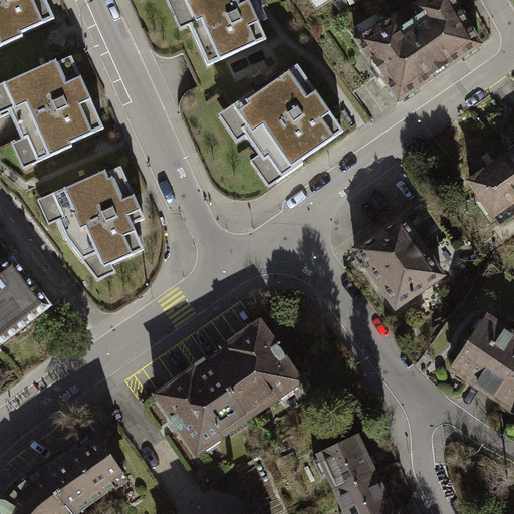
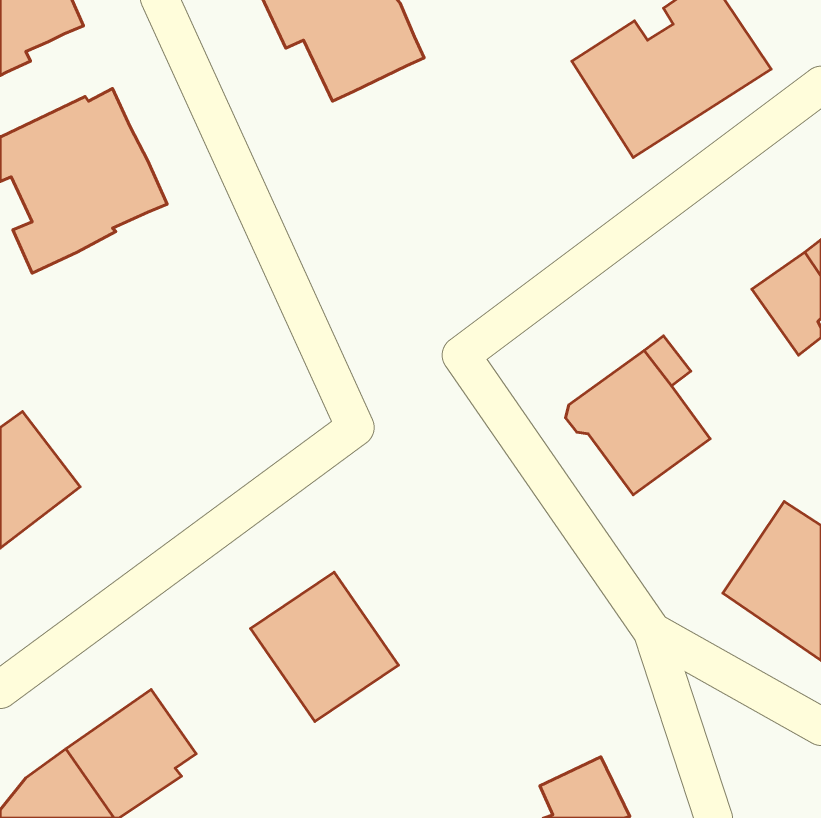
building: [218,65,341,178] -> none
building: [37,166,149,281] -> none
building: [209,321,300,416] -> none
building: [314,434,375,491] -> none

